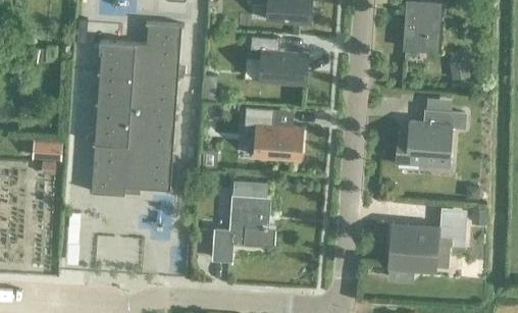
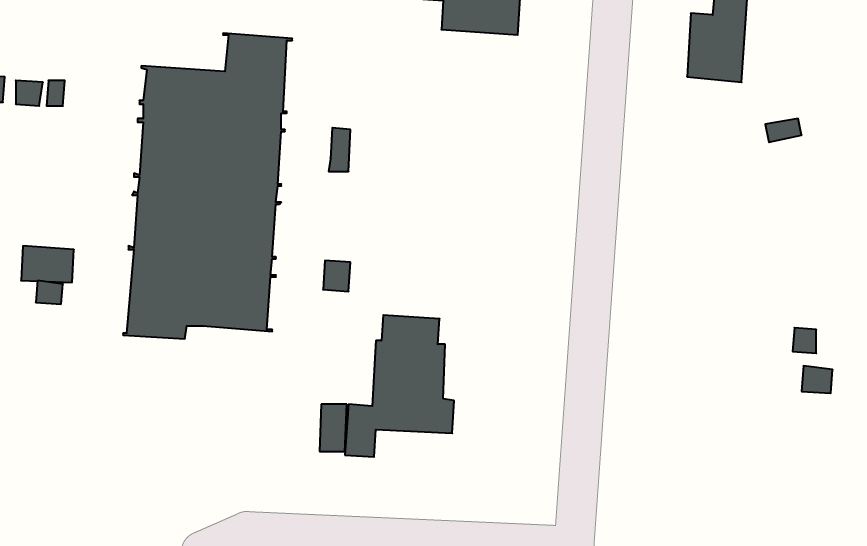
building: [250,35,308,84] -> none
building: [243,107,302,160] -> none
building: [397,110,464,165] -> none
building: [388,220,466,267] -> none

